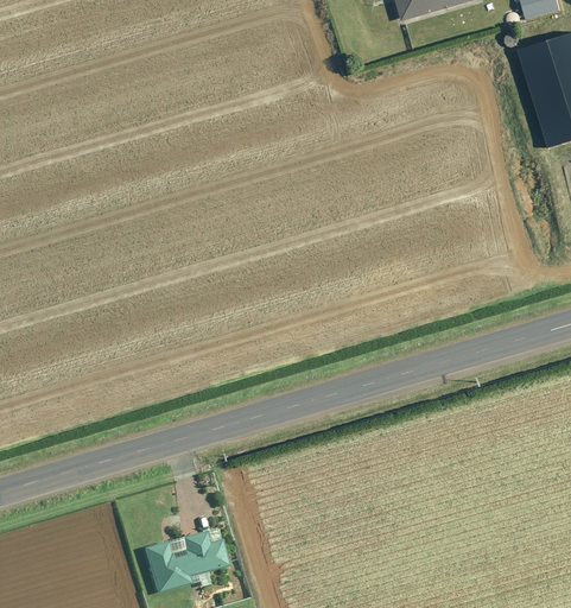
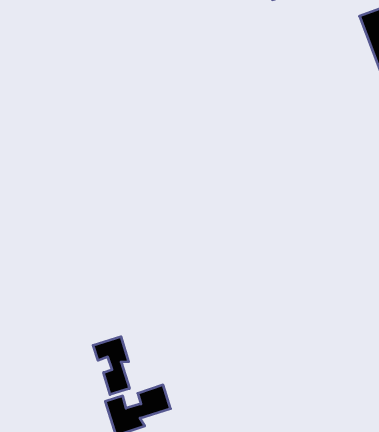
building: none -> [93,337,129,395]

